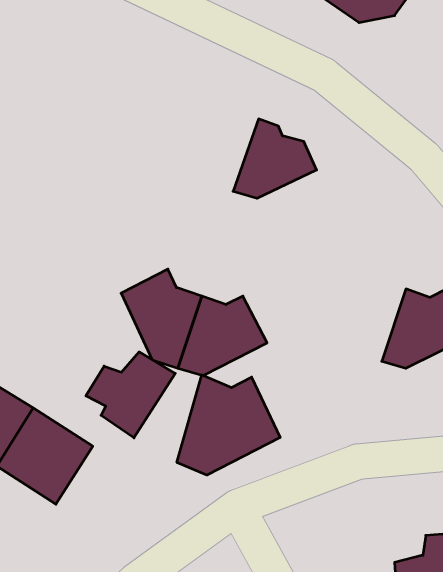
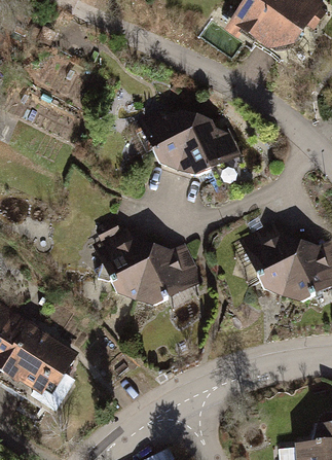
building: none -> [138,111,196,171]
building: none -> [245,223,303,294]
building: [86,352,175,438] -> none
building: [177,375,280,475] -> none

